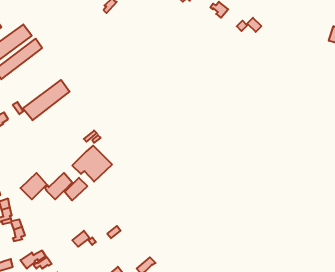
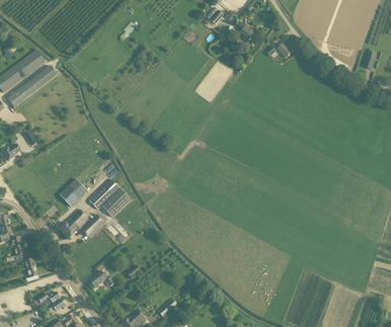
building: [23,80,70,120] -> none
building: [20,173,47,199] -> [59,177,87,206]

